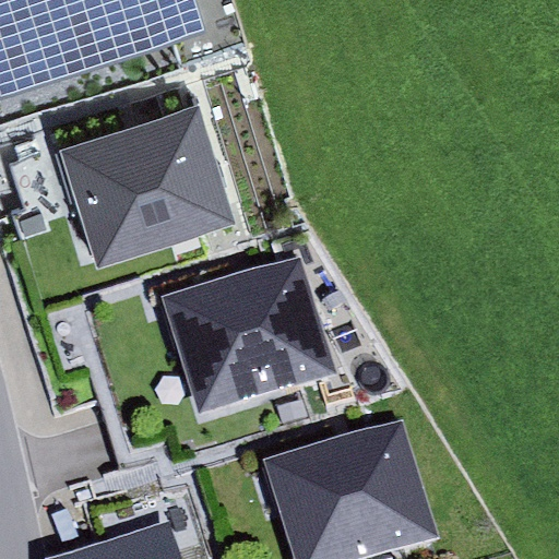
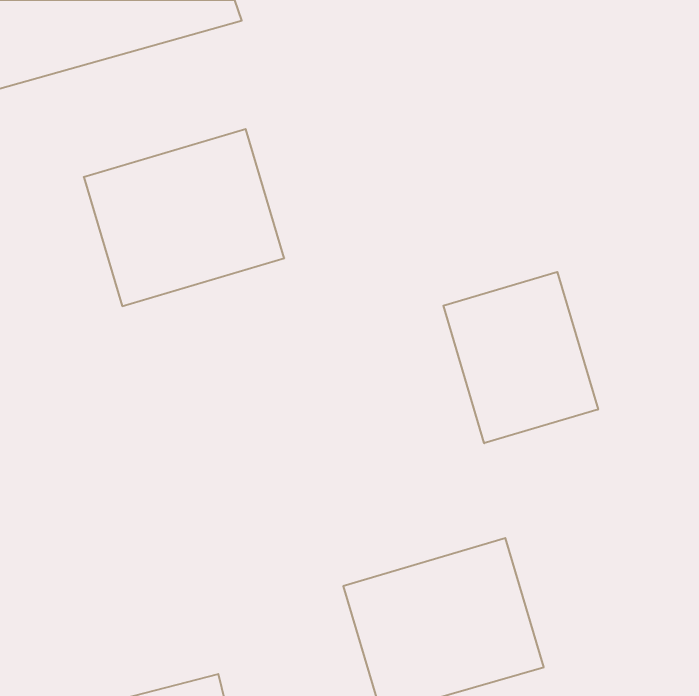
building: none -> [443,272,598,443]
building: [168,267,328,408] -> none

